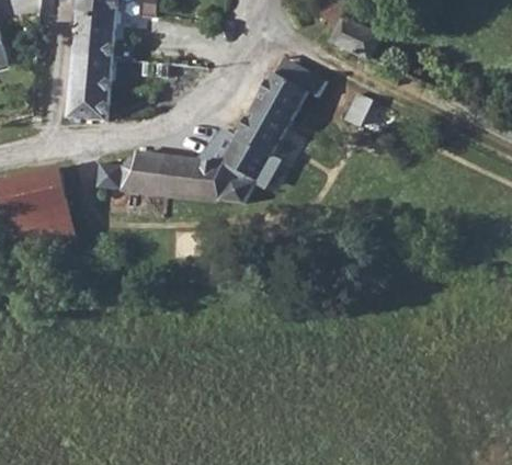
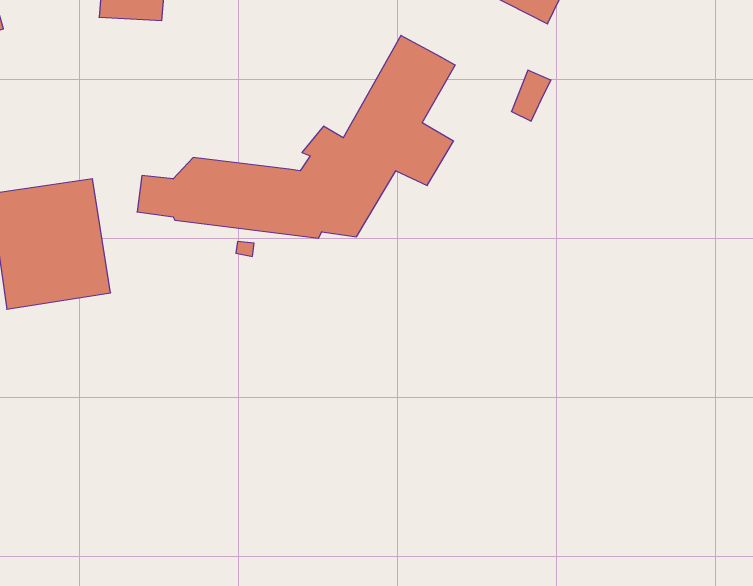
building: [66,56,113,121] -> none

